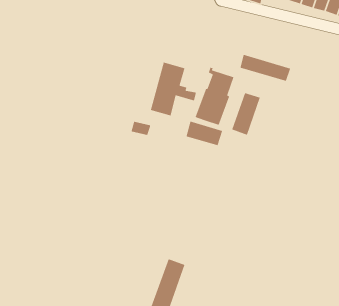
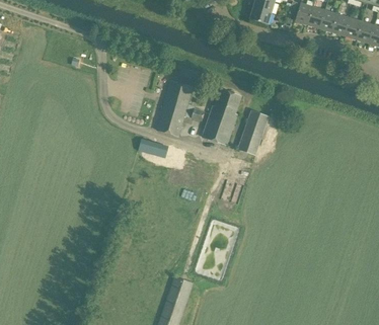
building: [240,54,291,82] -> none
building: [186,121,223,146] -> none

